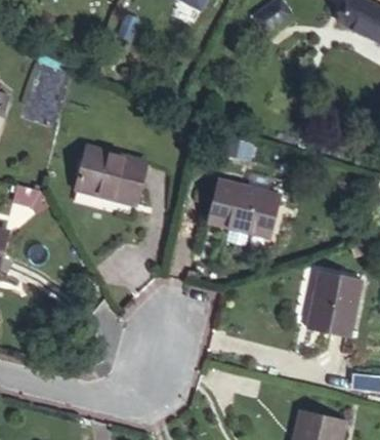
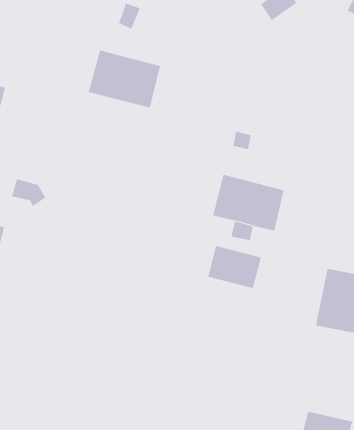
building: [75,147,145,203] -> [88,50,161,108]
building: none -> [208,245,261,289]

